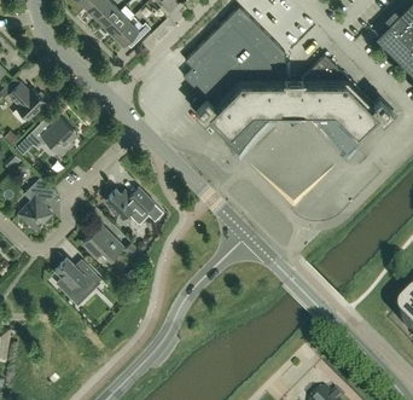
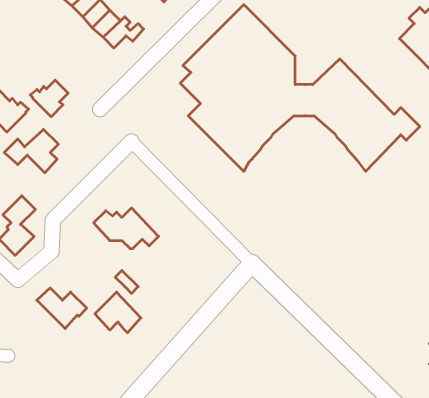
building: none -> [30,80,68,117]
building: [82,224,123,260] -> [95,292,141,333]

